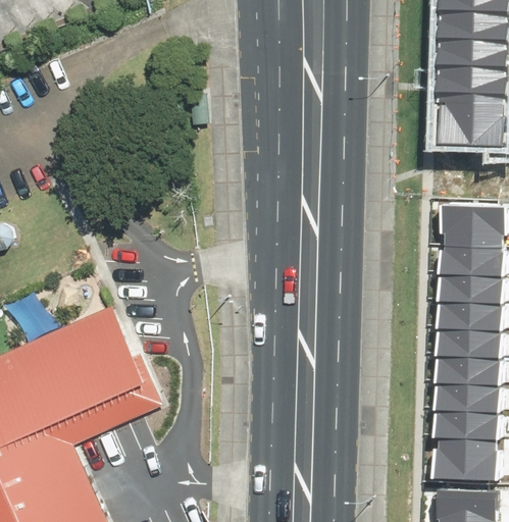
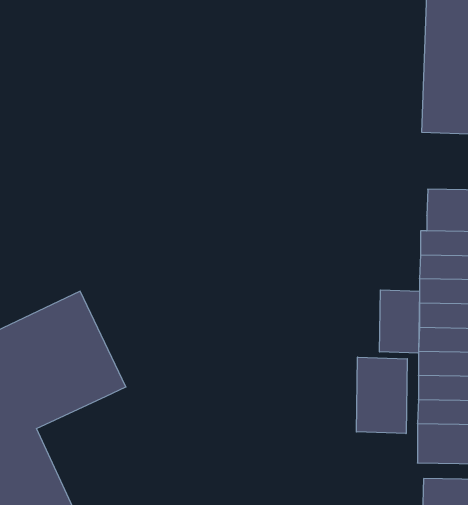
building: none -> [380,290,419,353]
building: none -> [356,357,407,434]

